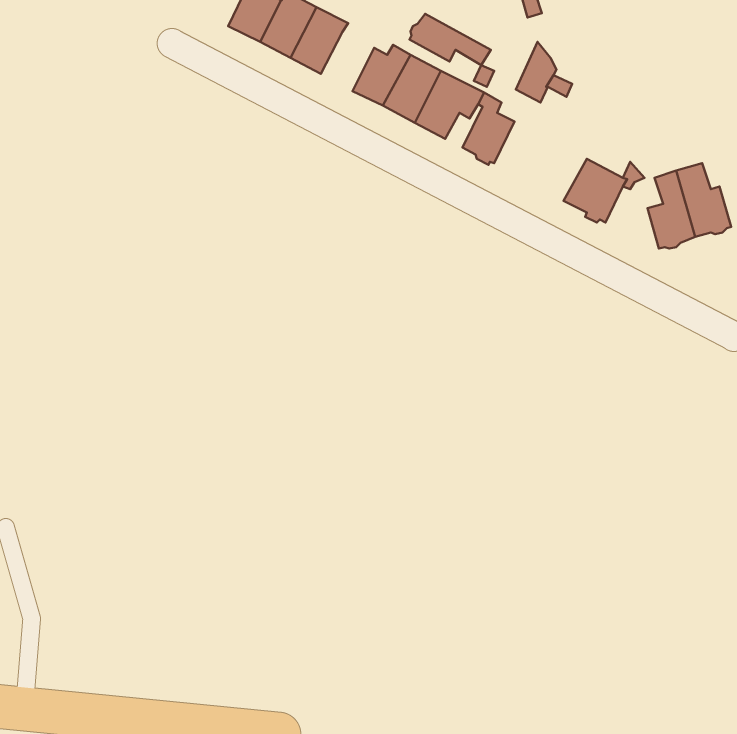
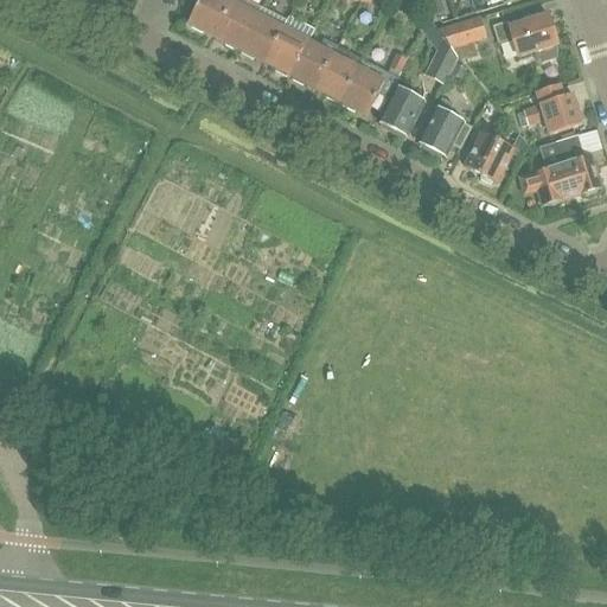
building: [409,14,491,65] -> none
building: none -> [492,14,556,60]
building: none -> [436,15,486,47]
building: none -> [263,26,307,75]
building: none -> [522,83,583,134]
building: none -> [417,96,472,156]

